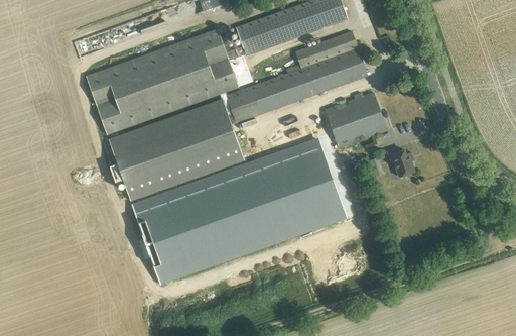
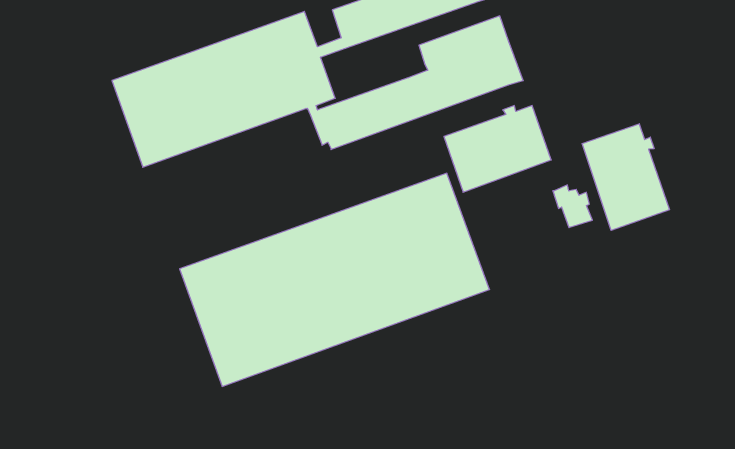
building: [109,99,244,201] -> none
building: none -> [582,124,669,230]

